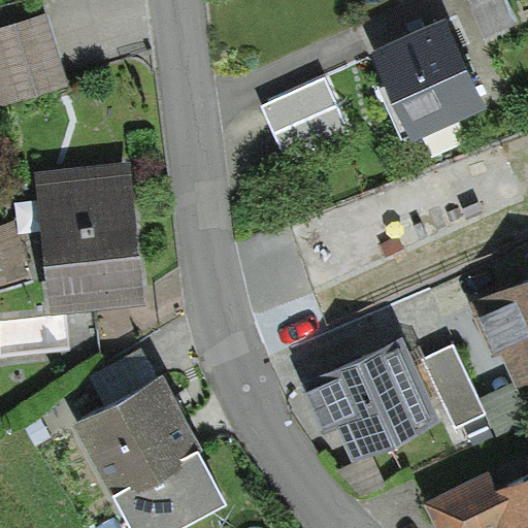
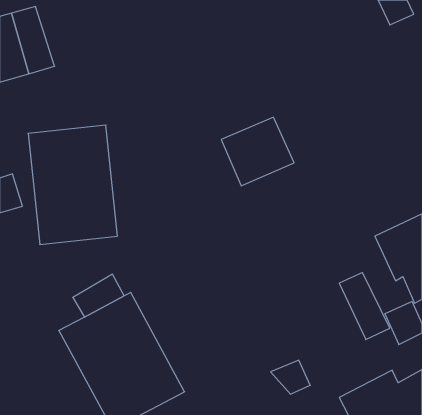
building: [363,16,487,143] -> none
building: [261,81,352,167] -> [221,117,294,186]
building: [299,336,442,463] -> none

